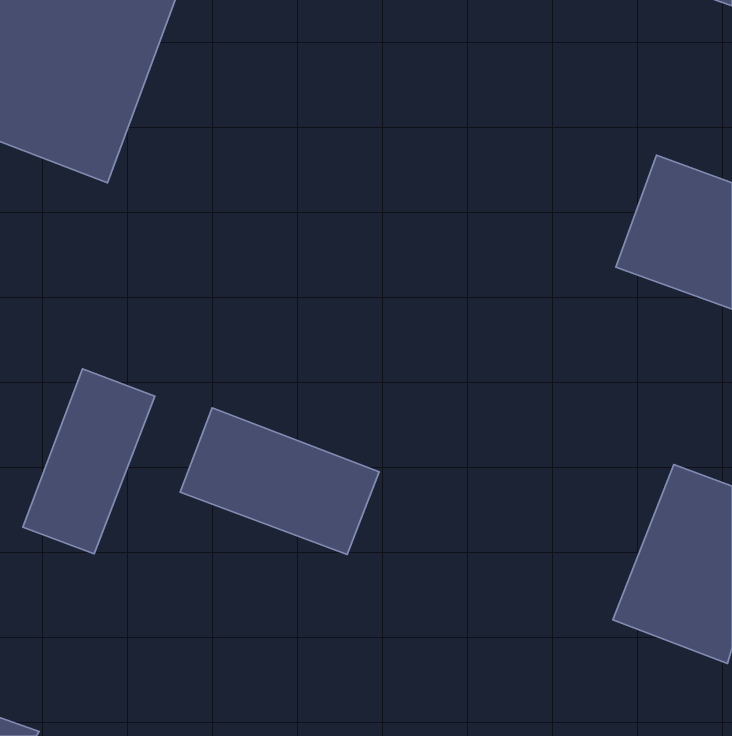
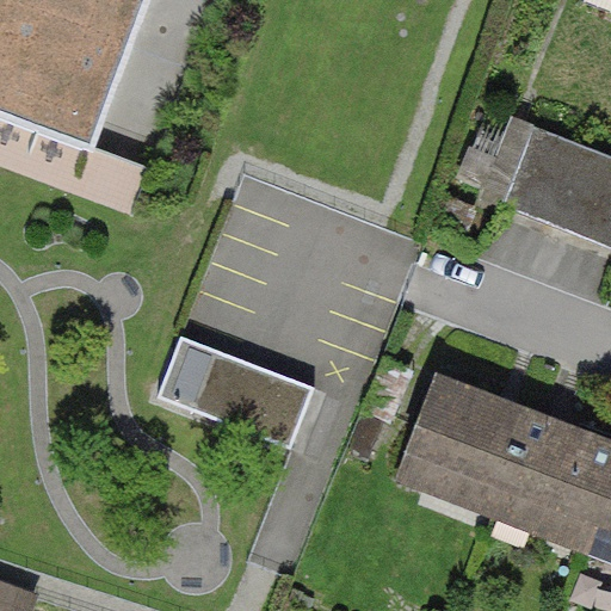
building: [23,369,155,554] -> none
building: none -> [411,346,554,510]

